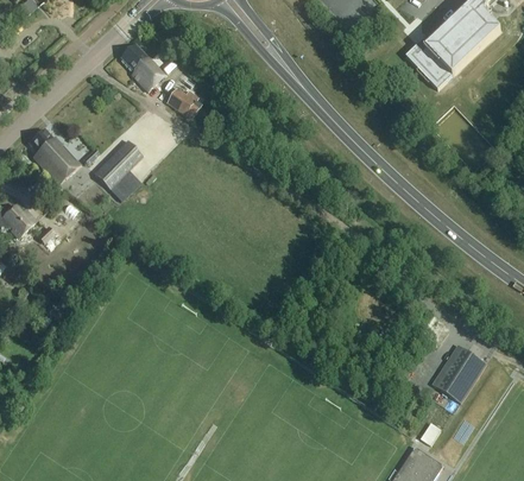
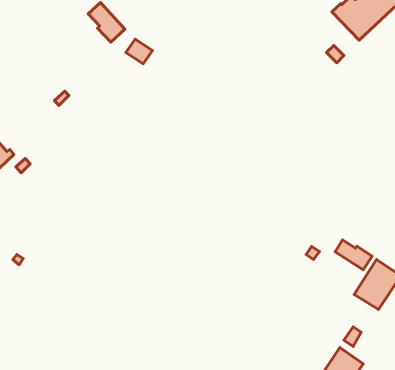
building: [27,127,78,183] -> none
building: [93,140,141,201] -> none
building: none -> [335,240,372,270]

